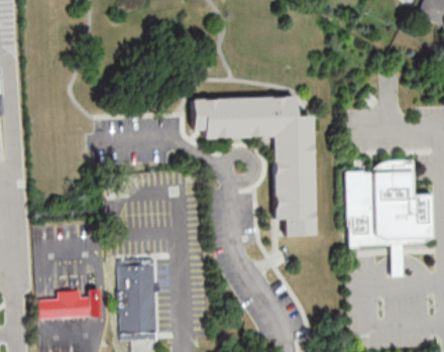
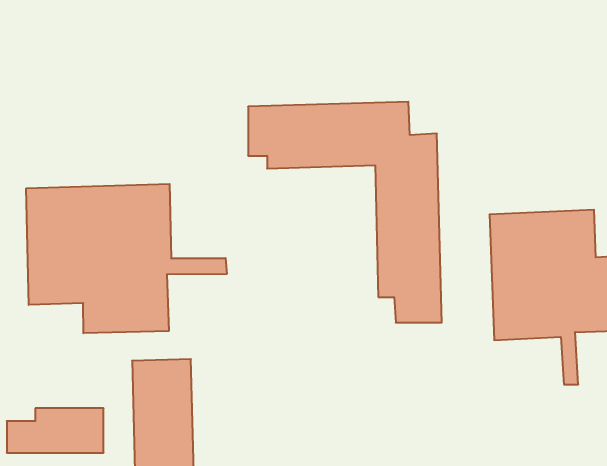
building: none -> [26,184,227,333]

